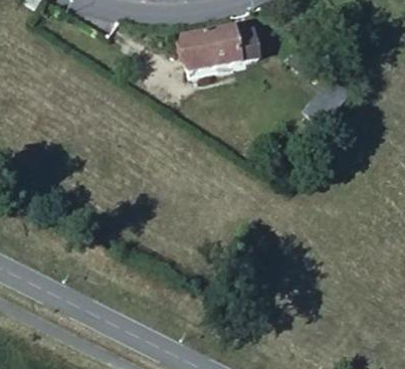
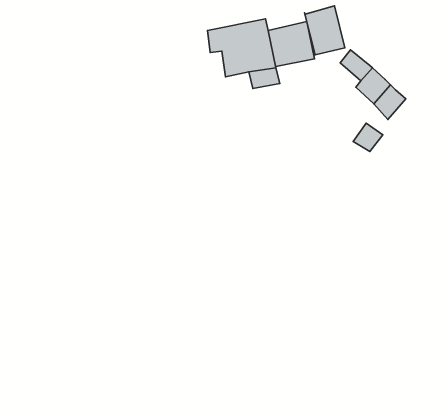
building: none -> [305,6,345,55]

